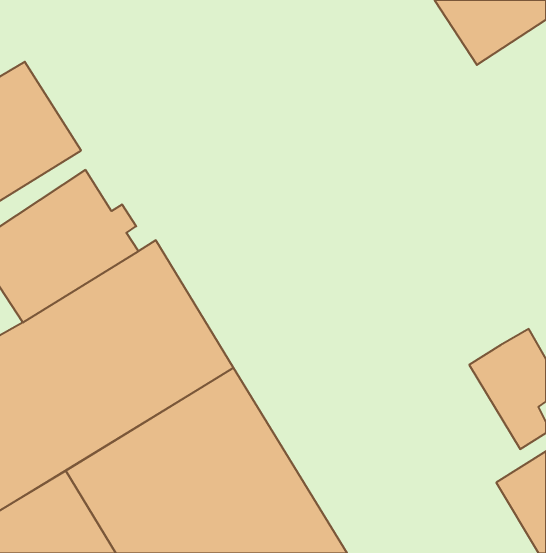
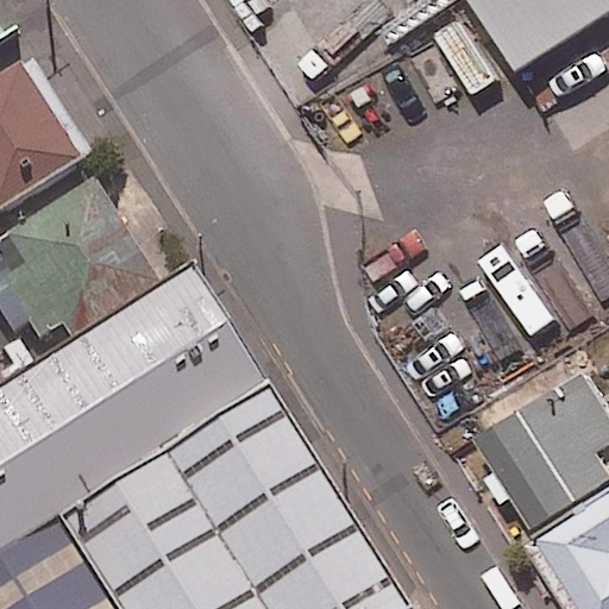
building: none -> [470,401,572,522]

